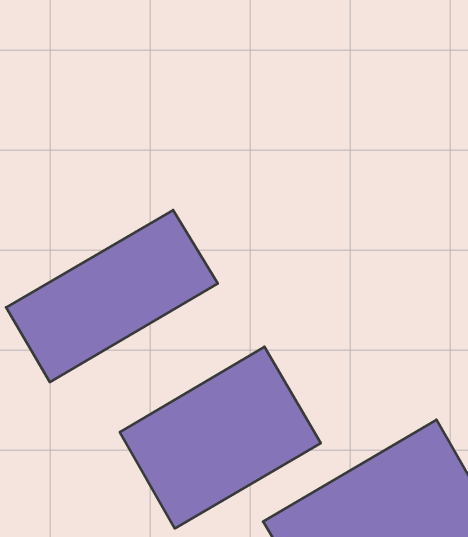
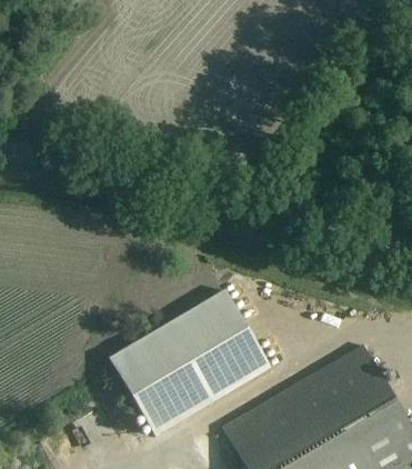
building: [6,210,218,382] -> none

